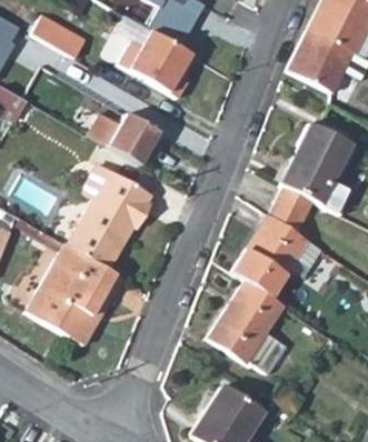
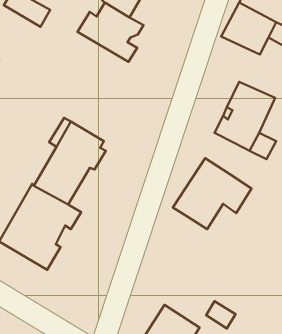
building: [88,113,159,164] -> none
building: [269,185,315,231] -> none
building: [209,280,288,372] -> none

